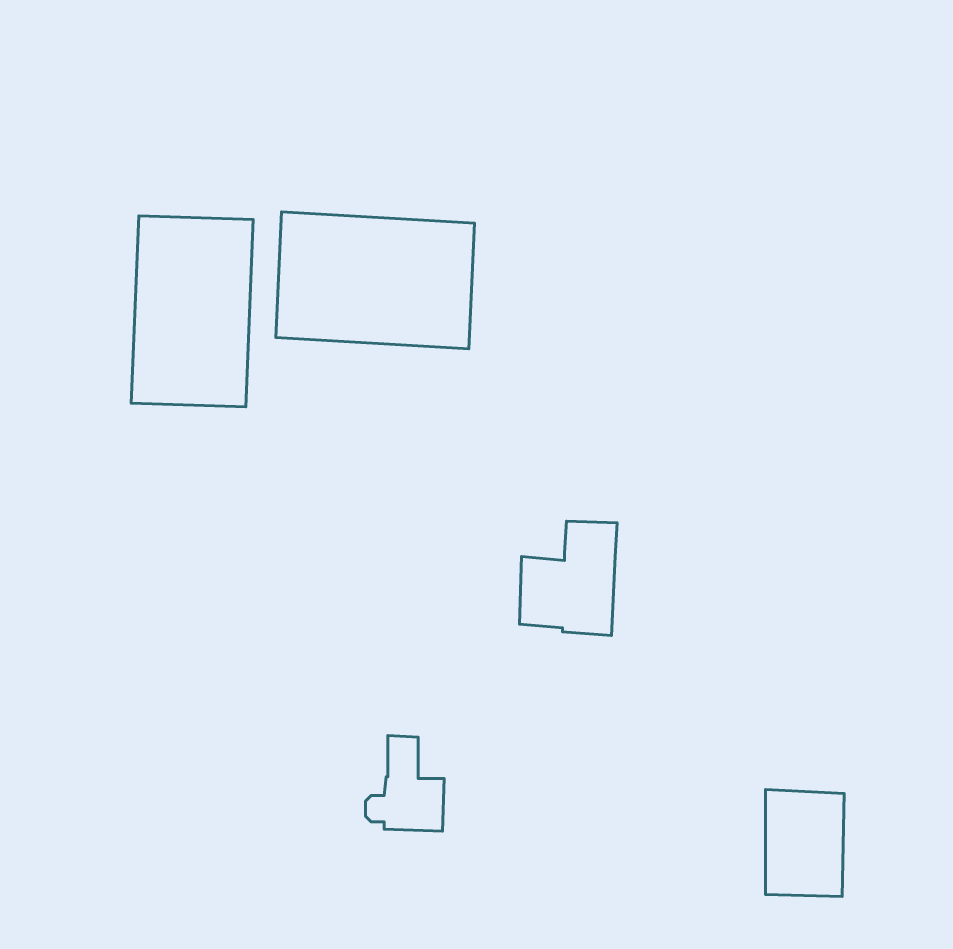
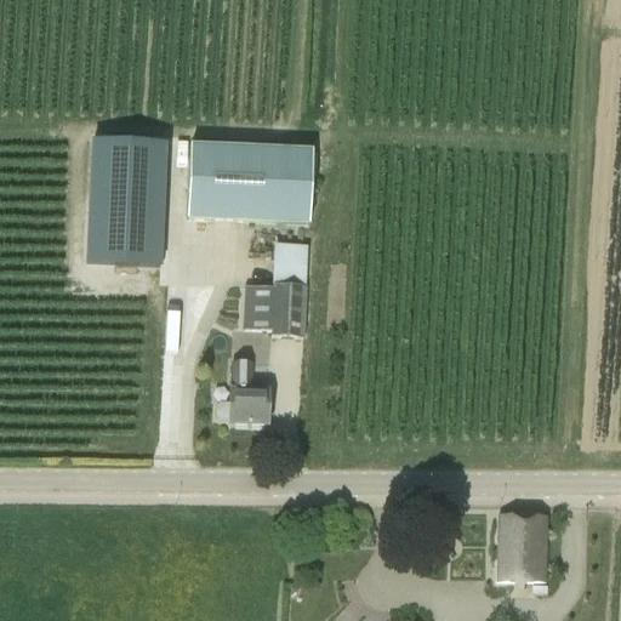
building: [519,521,617,635] -> [245,261,308,335]
building: [365,735,444,831] -> [218,360,269,422]

